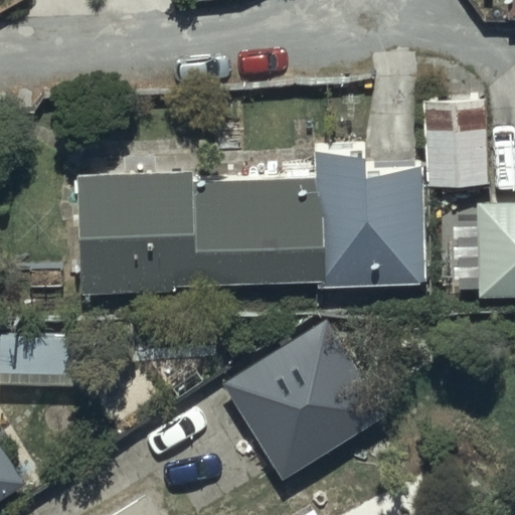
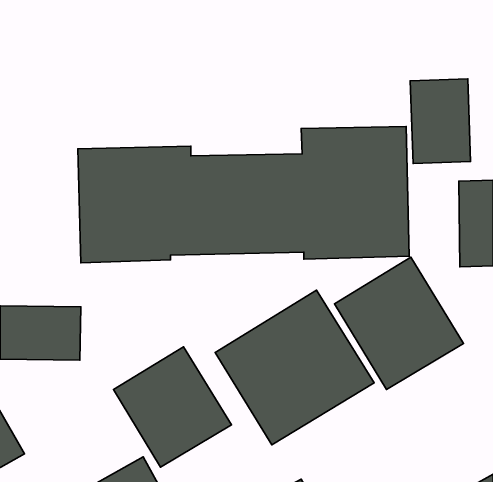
building: none -> [334,257,464,390]
building: none -> [113,347,231,467]

